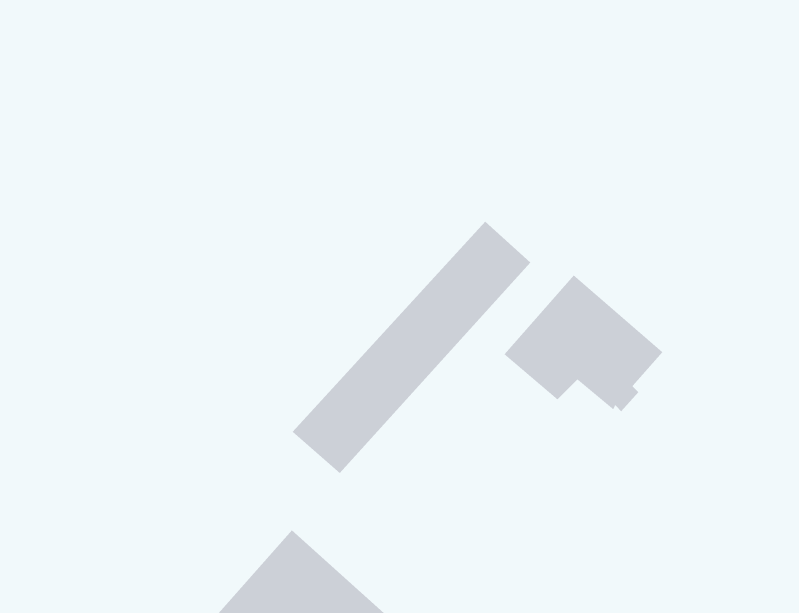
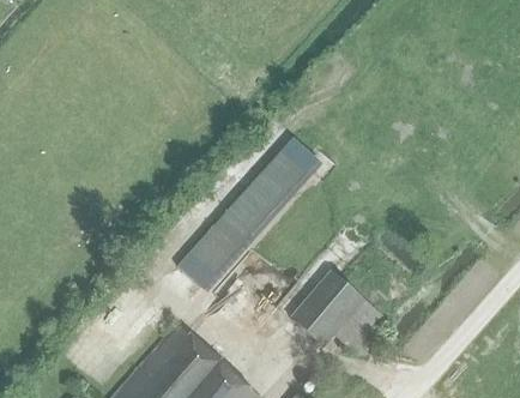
building: [504,275,663,412] -> [291,271,387,354]

